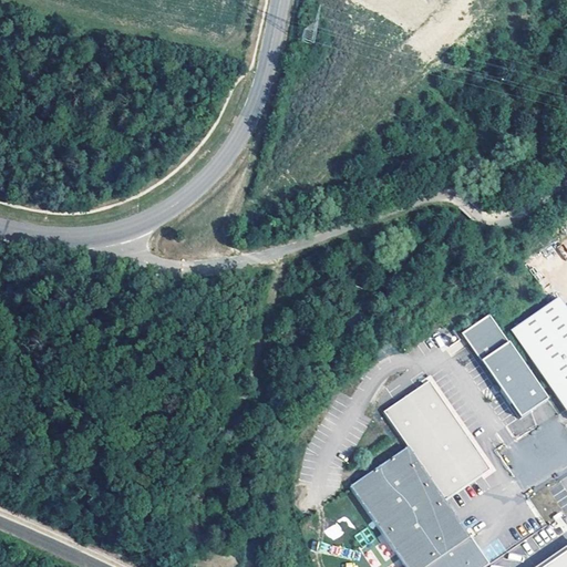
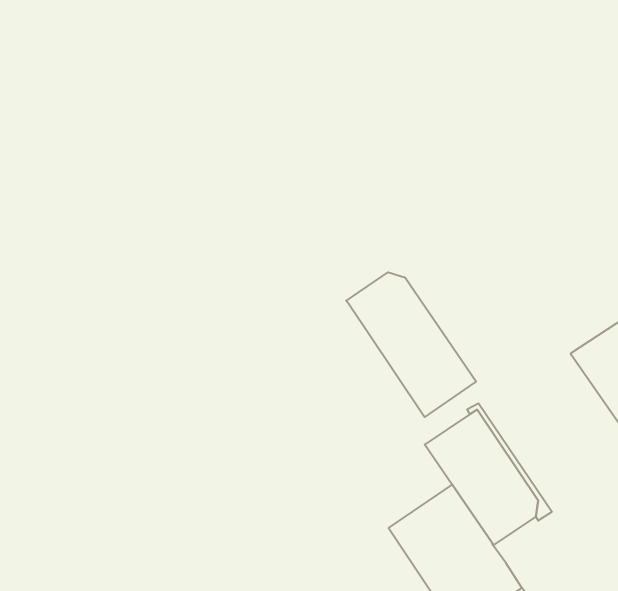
building: none -> [346,272,476,417]
building: [463,313,548,417] -> none

